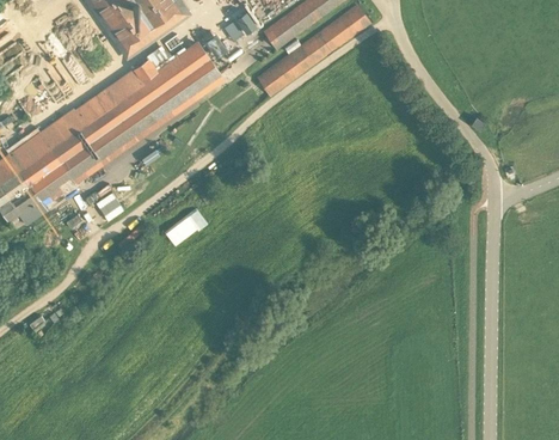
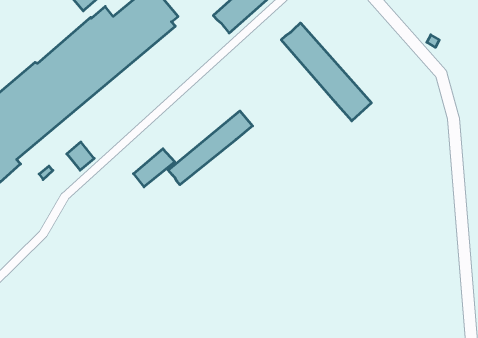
building: none -> [281,23,371,121]
building: none -> [168,111,253,185]

